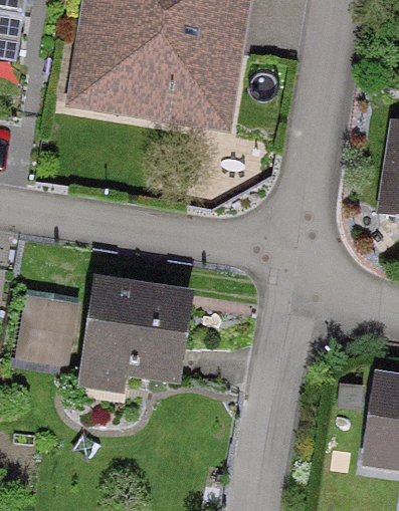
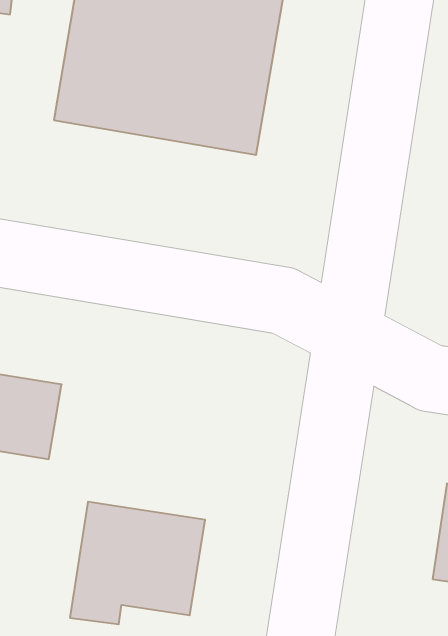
building: [79,292,185,388] -> [70,502,205,624]

